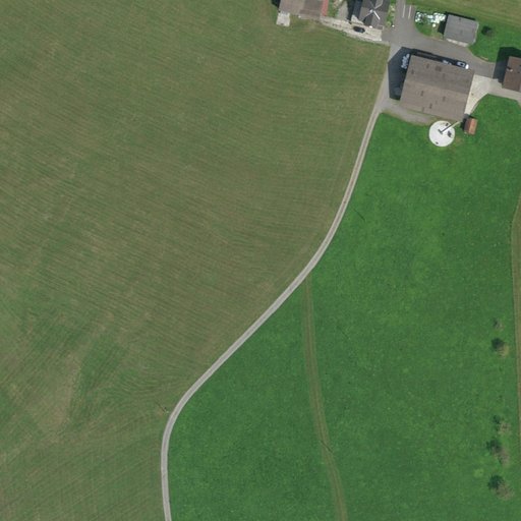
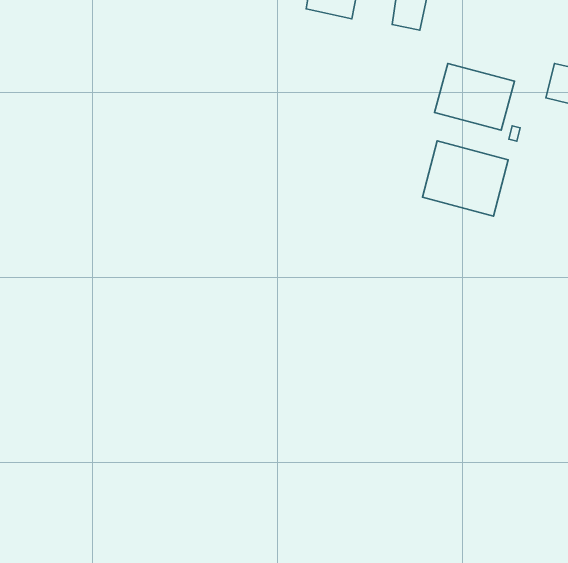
building: [444,12,478,41] -> none
building: none -> [422,141,508,216]

